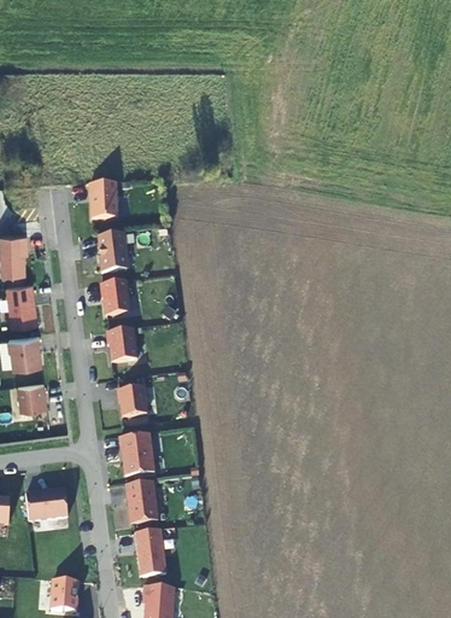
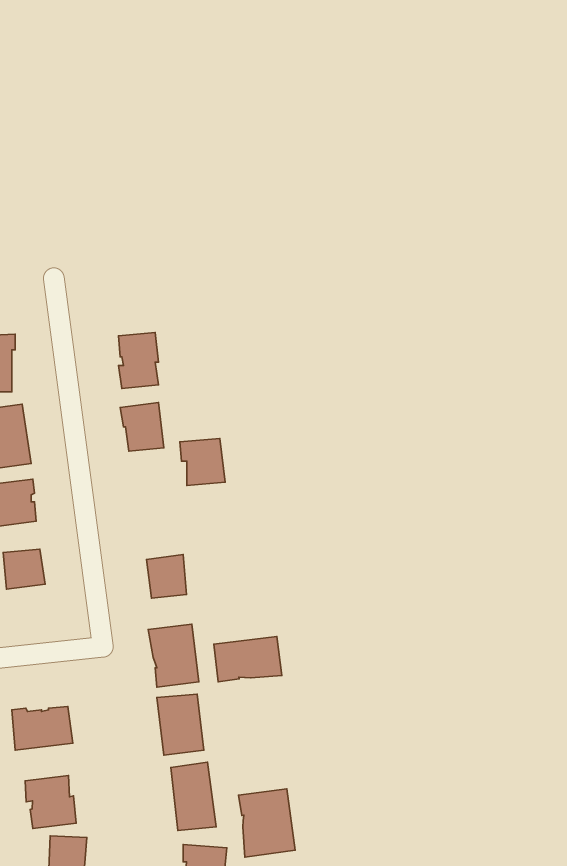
building: [89,181,117,217] -> none
building: [106,328,137,361] -> [180,438,225,486]
building: none -> [214,636,282,682]
building: none -> [25,776,76,828]
building: none -> [238,789,295,857]

